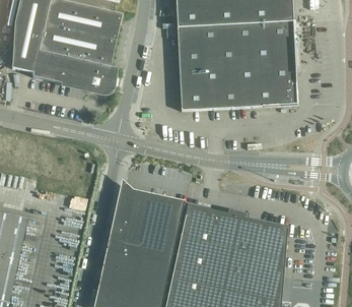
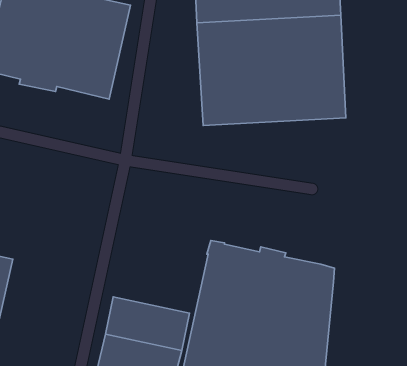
building: [109,189,184,262] -> none

